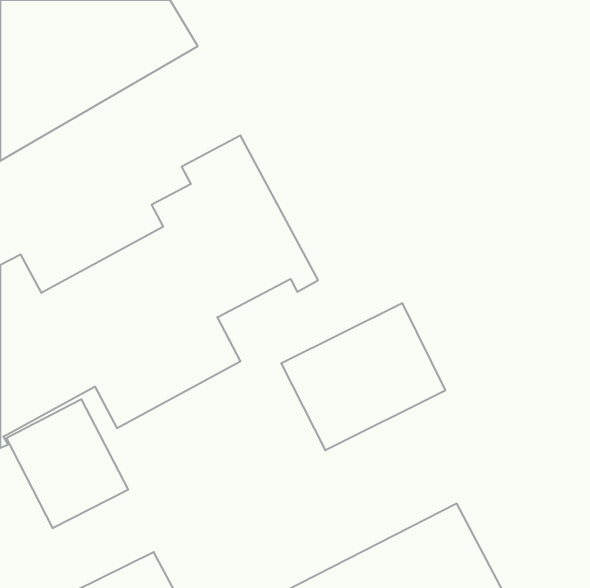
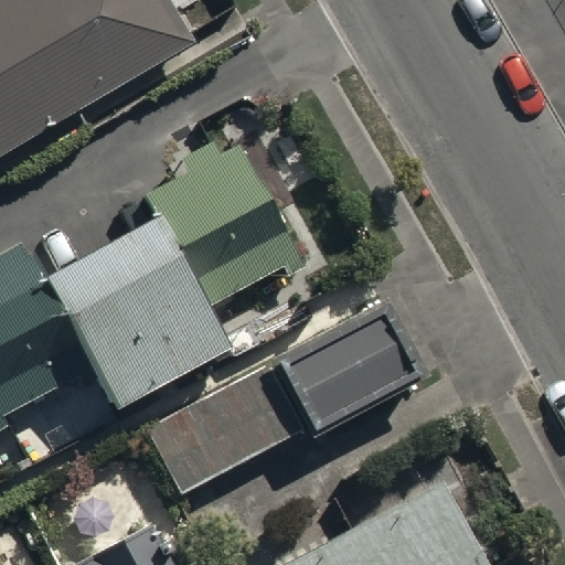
building: none -> [141,361,300,492]
building: [7,399,128,528] -> none

